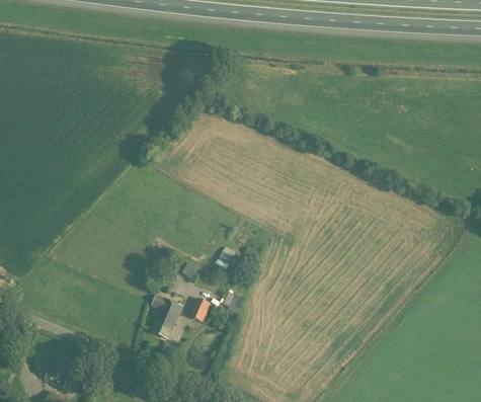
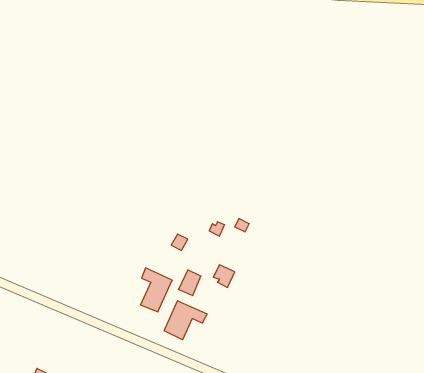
building: none -> [164,301,207,340]
building: [46,355,72,389] -> none

